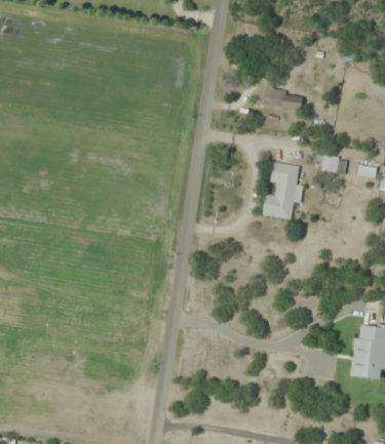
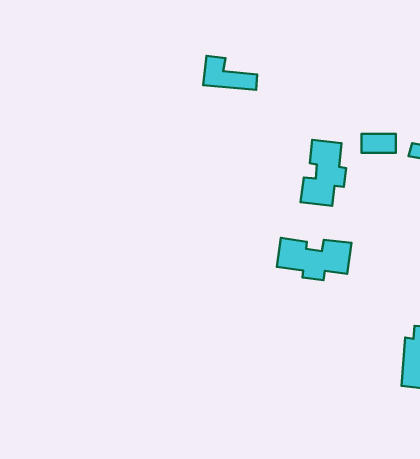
building: [256,79,303,109] -> [203,56,257,90]
building: none -> [277,238,351,280]

